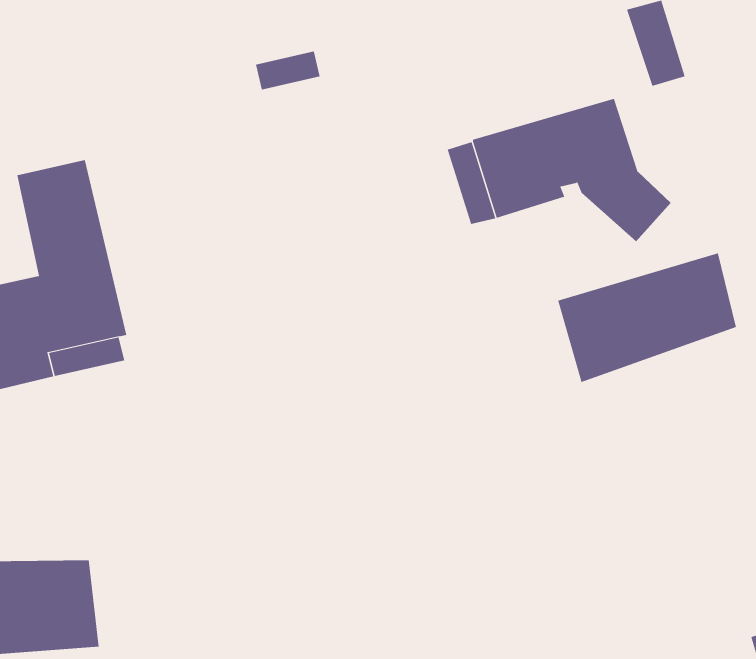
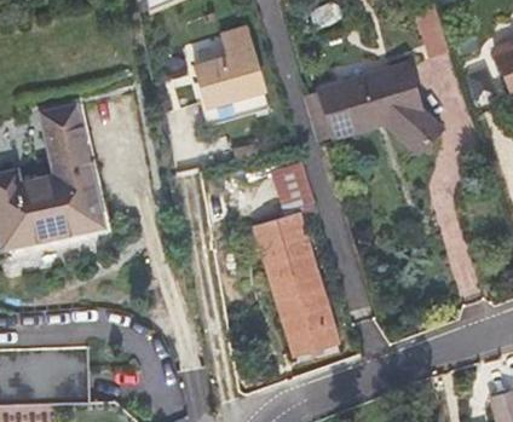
building: none -> [200,30,267,106]
building: [557,252,737,383] -> none
building: none -> [254,163,339,357]

